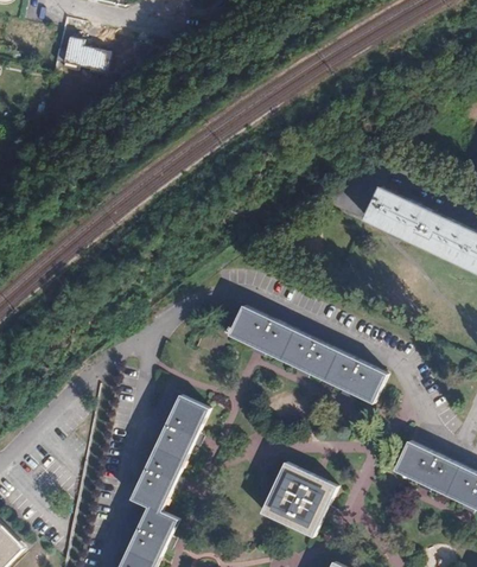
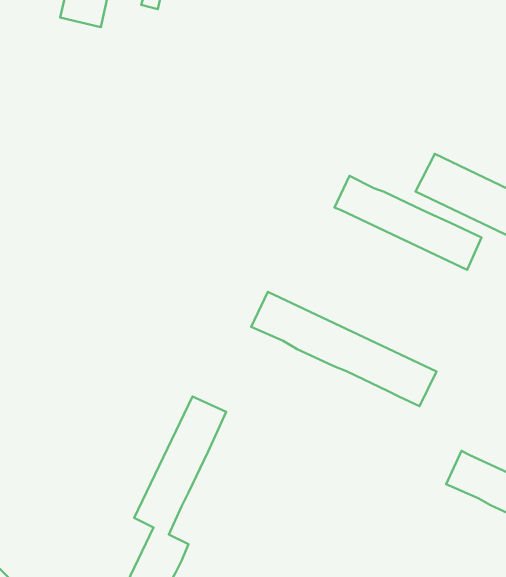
building: none -> [335,176,481,270]
building: [257,460,333,534] -> none

